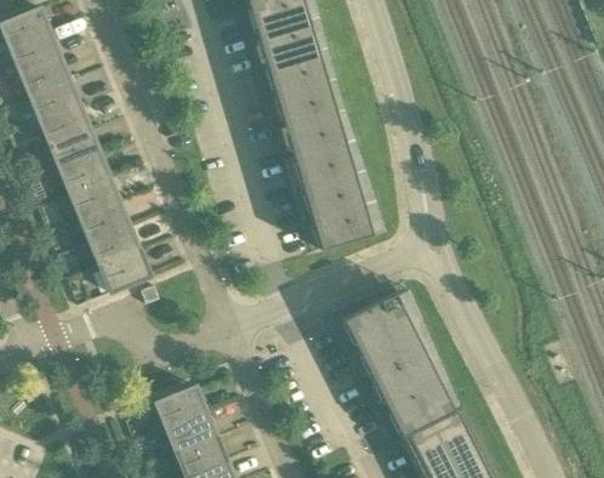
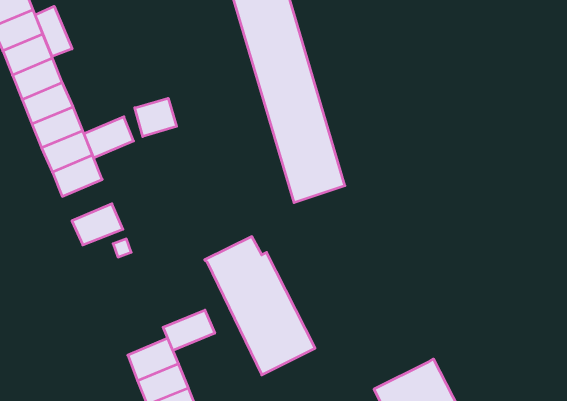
building: none -> [35,6,72,56]
building: none -> [135,98,177,137]
building: [89,226,138,267] -> [84,117,134,158]
building: [343,297,454,436] -> [205,237,315,375]
building: none -> [163,310,215,351]

